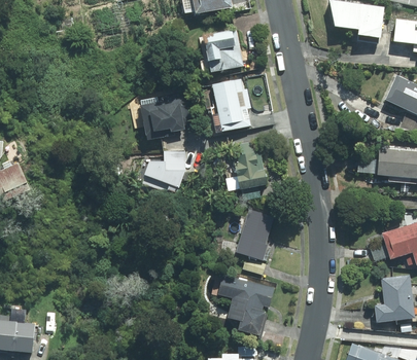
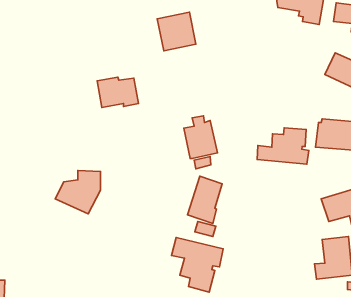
building: [211,79,252,132] -> none
building: [134,150,183,197] -> [55,170,100,214]
building: none -> [257,128,309,164]

